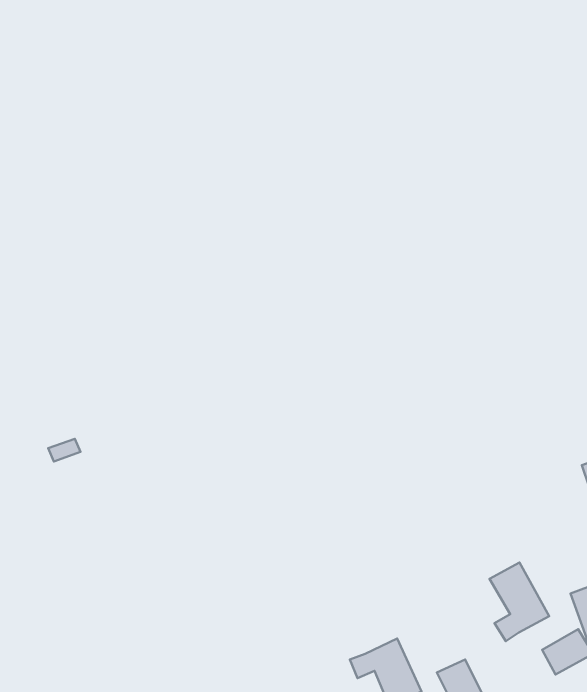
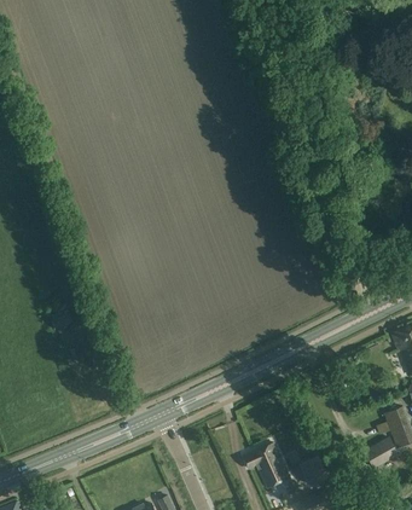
building: [489,563,549,641] -> none

